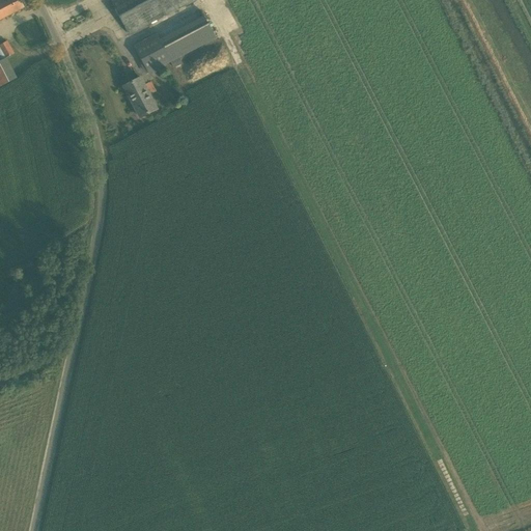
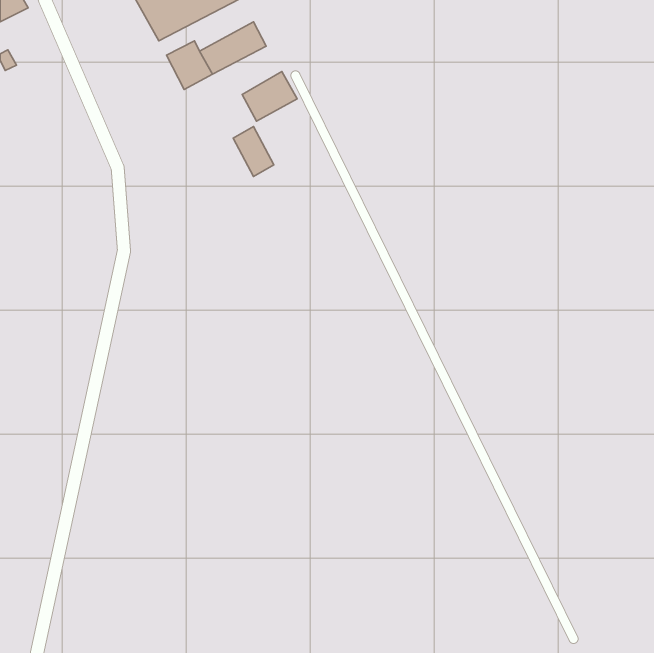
building: none -> [242,71,297,121]
building: [124,77,158,117] -> [233,127,274,176]

